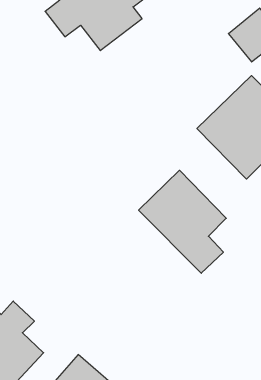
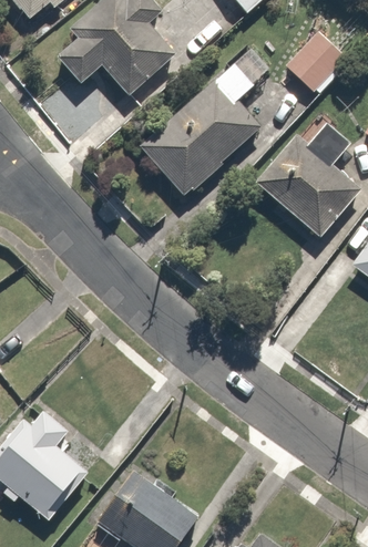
building: none -> [141,60,262,197]
building: [139,170,226,273] -> none

